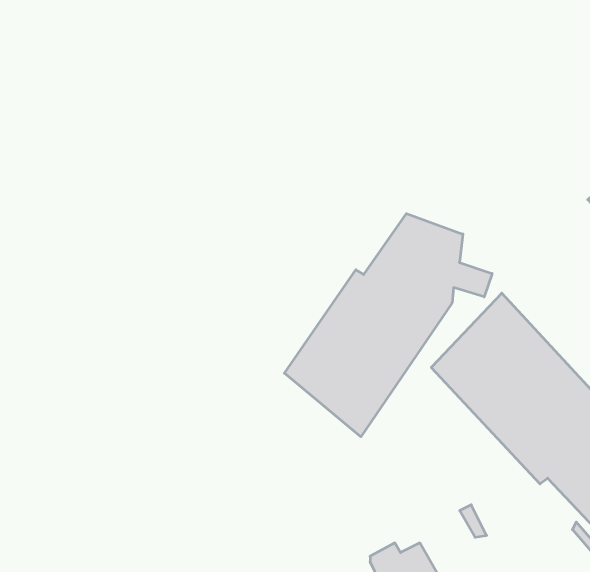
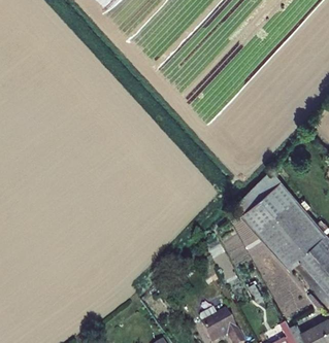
building: [284,214,492,437] -> none

